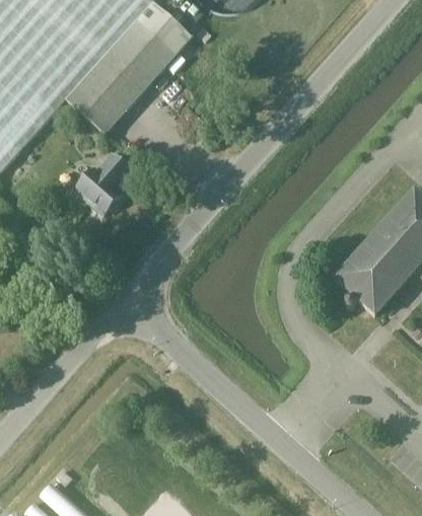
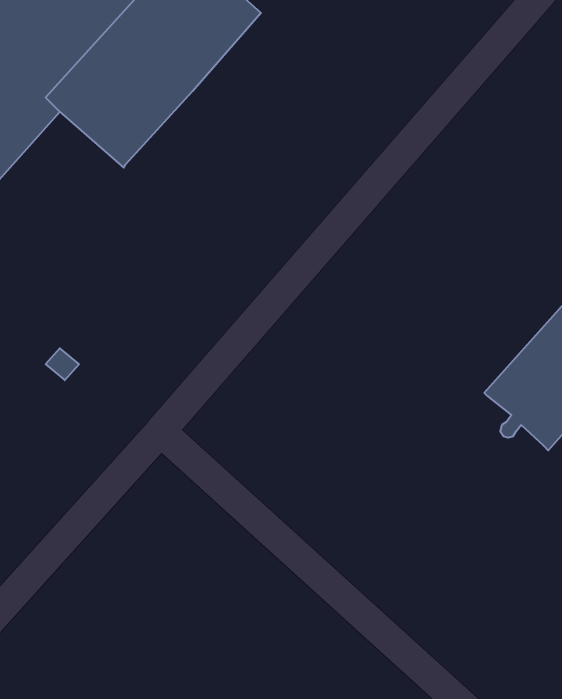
building: [75,150,133,212] -> none

